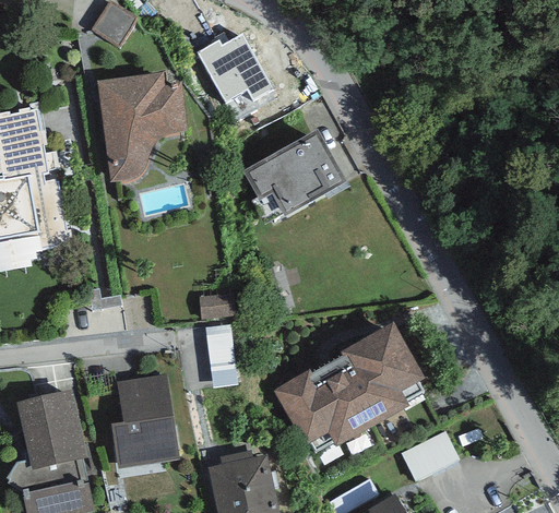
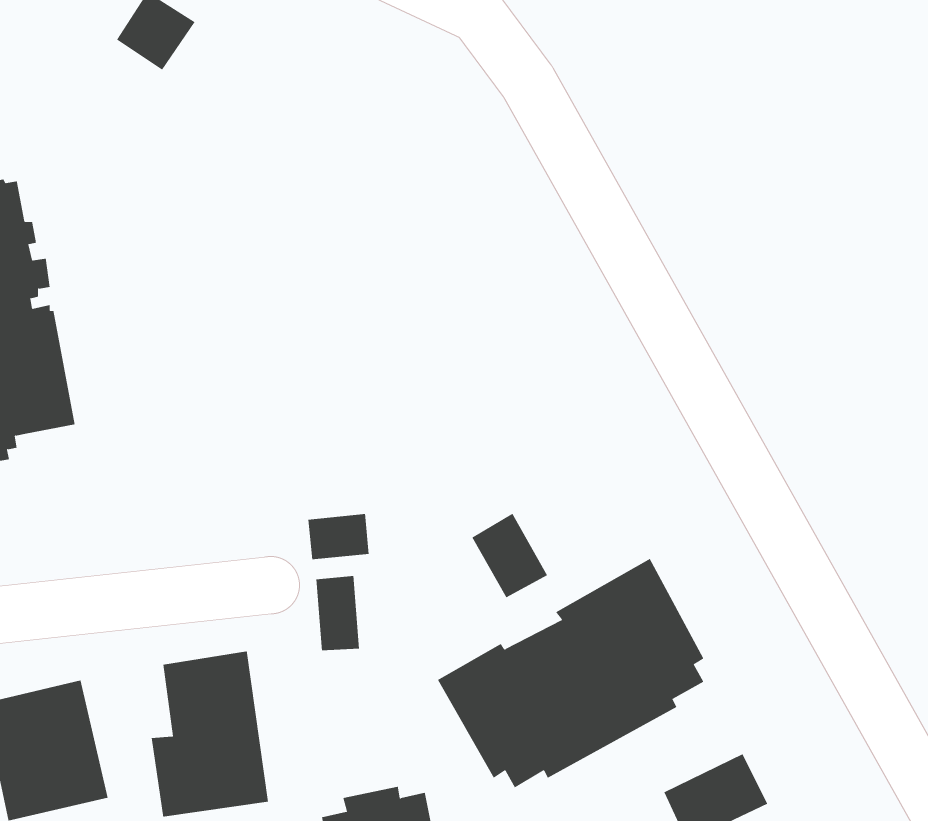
building: [197,33,272,102] -> none
building: [96,72,187,181] -> none
building: [241,128,346,216] -> none
building: none -> [472,513,548,598]

